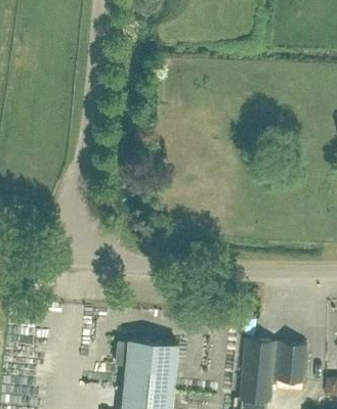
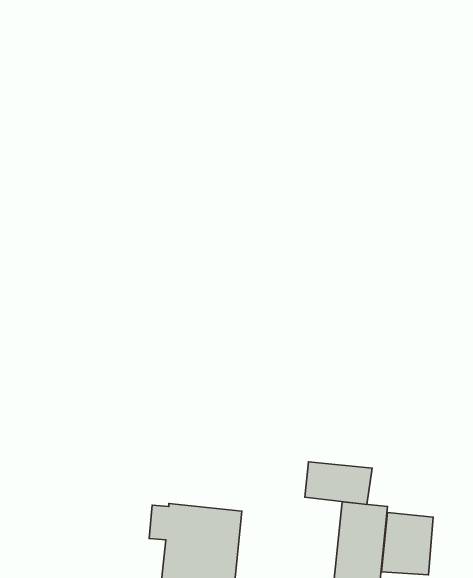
building: none -> [305,462,372,504]

